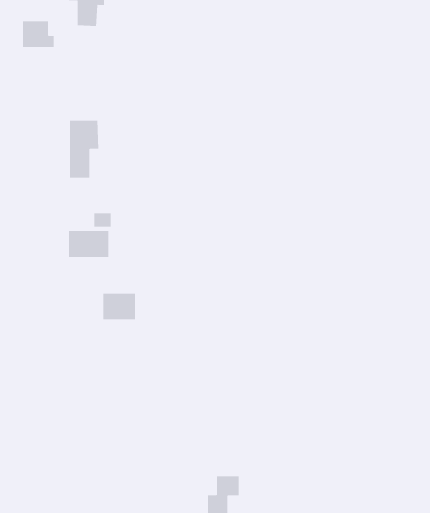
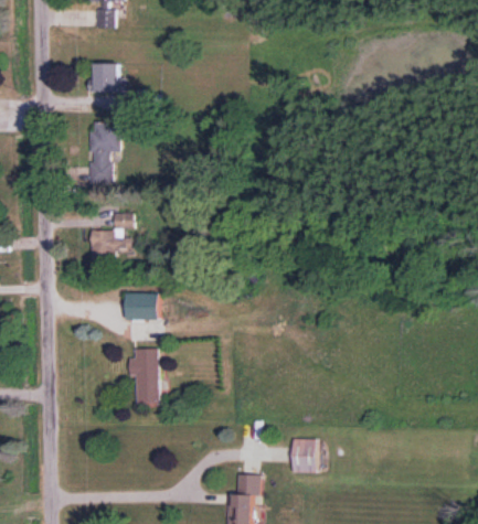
building: [22,21,55,48] -> [92,64,124,90]
building: none -> [134,349,159,403]
building: none -> [291,439,318,473]

